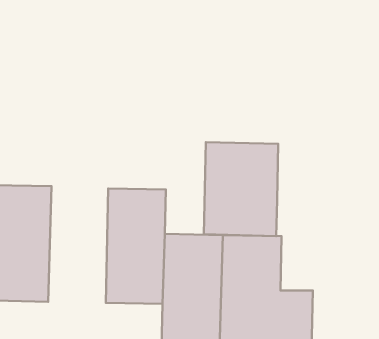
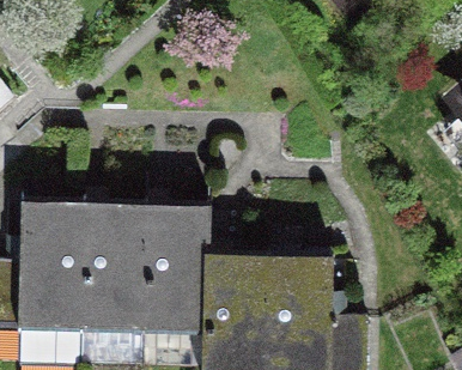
building: [204,142,278,236] -> none
building: none -> [80,204,146,363]

